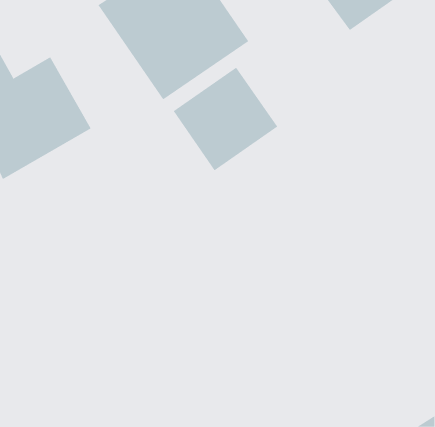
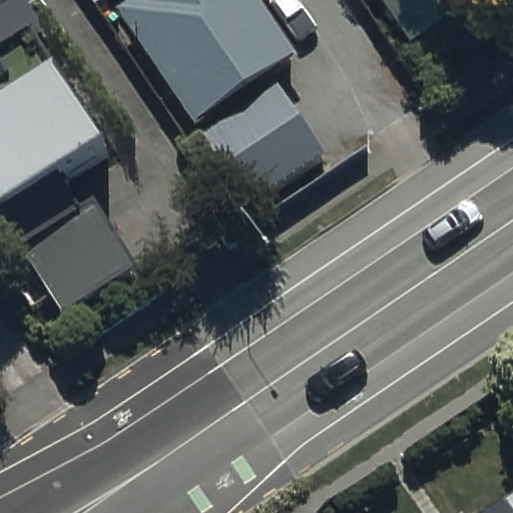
building: none -> [20,196,136,310]

